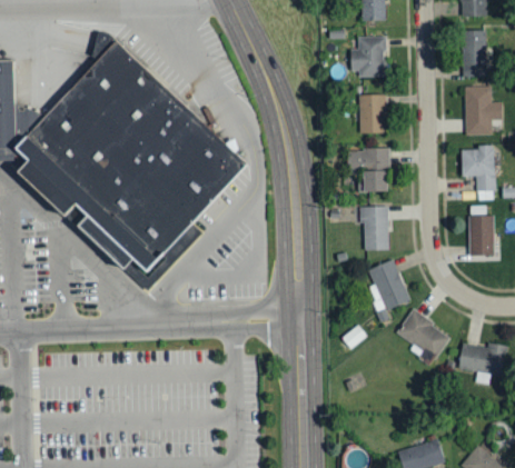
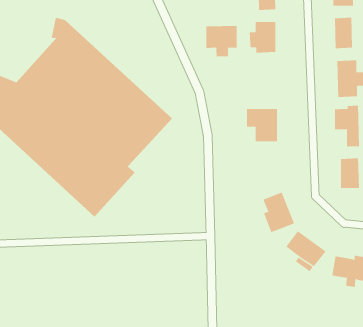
building: none -> [206,25,237,57]
building: [359,96,387,135] -> none
building: [359,206,389,250] -> none

